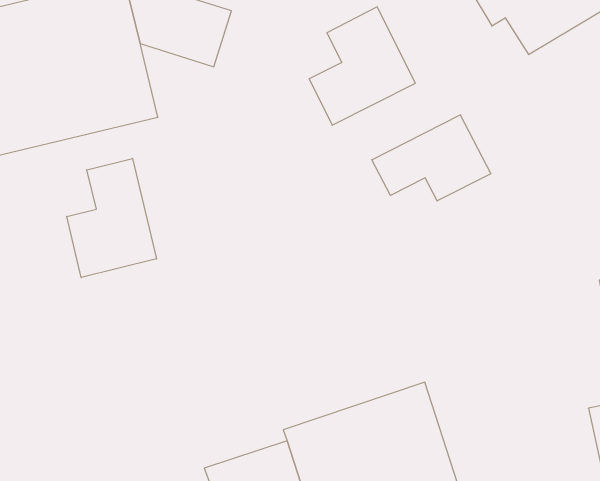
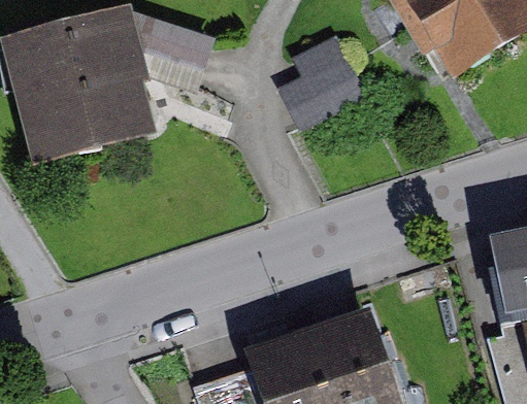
building: [372,115,491,201] -> none
building: [67,158,157,278] -> none

